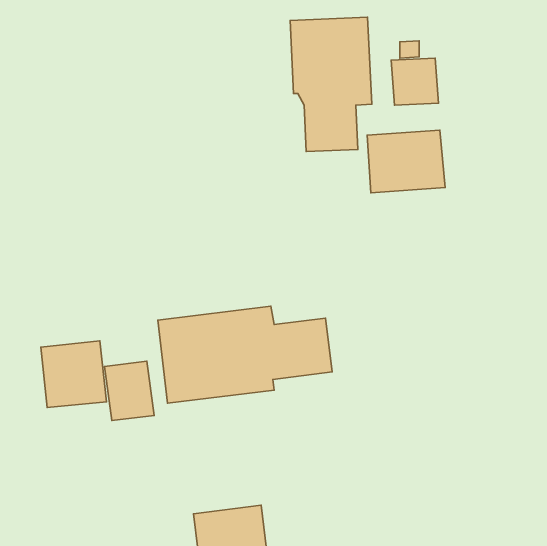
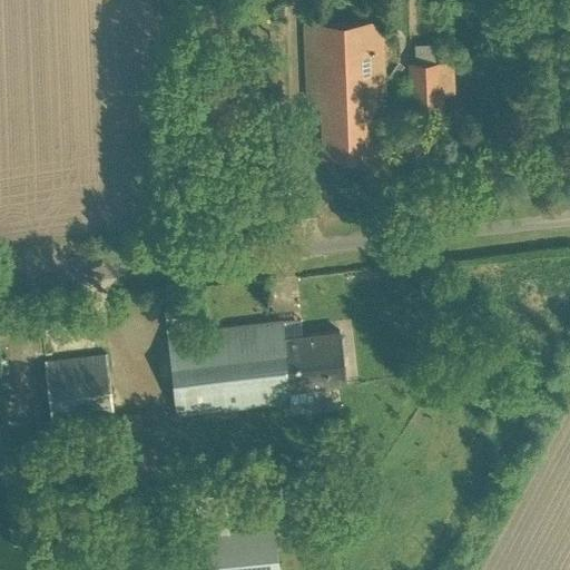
building: [367,130,445,193] -> none
building: [104,361,154,421] -> none

